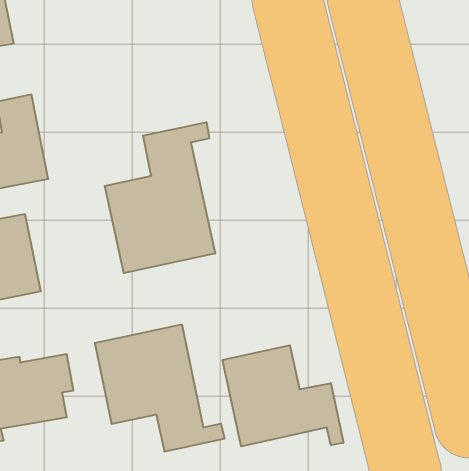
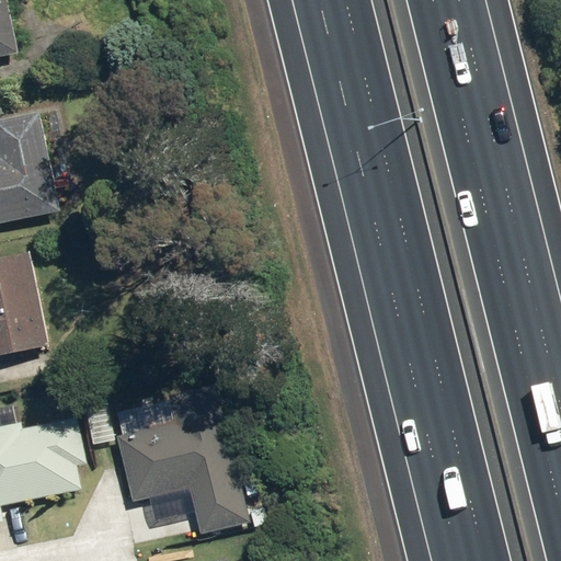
building: [105,122,215,273] -> none
building: [223,345,343,446] -> none

